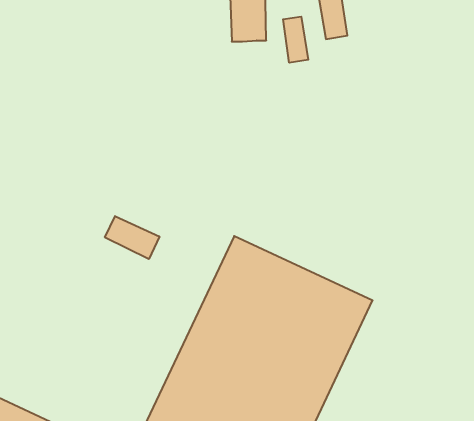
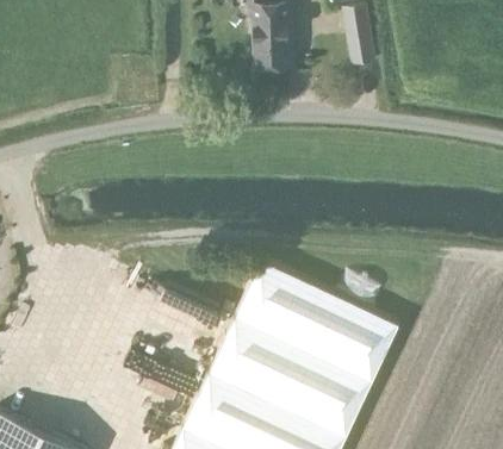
building: [283,17,308,63] -> none
building: [105,216,159,259] -> none

